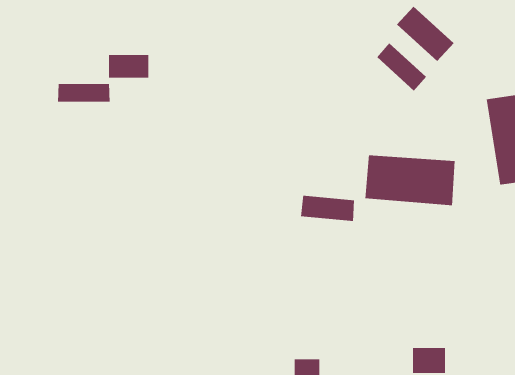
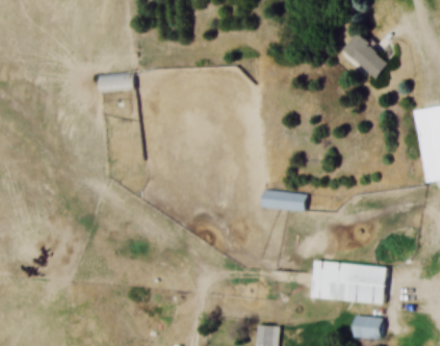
building: [376,43,427,91] -> none
building: [57,83,110,103] -> none
building: [364,155,455,206] -> [310,262,386,304]

